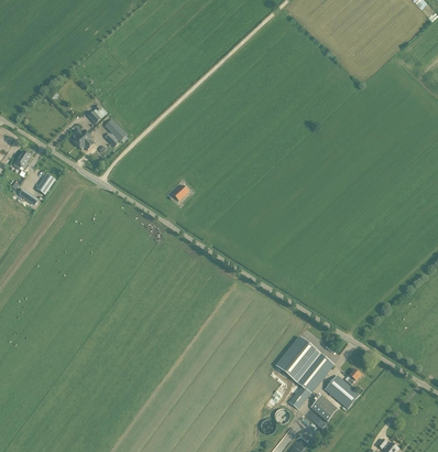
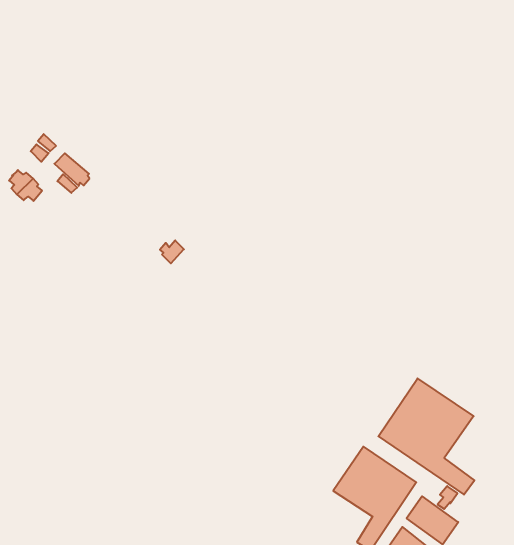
building: none -> [378,378,474,495]

